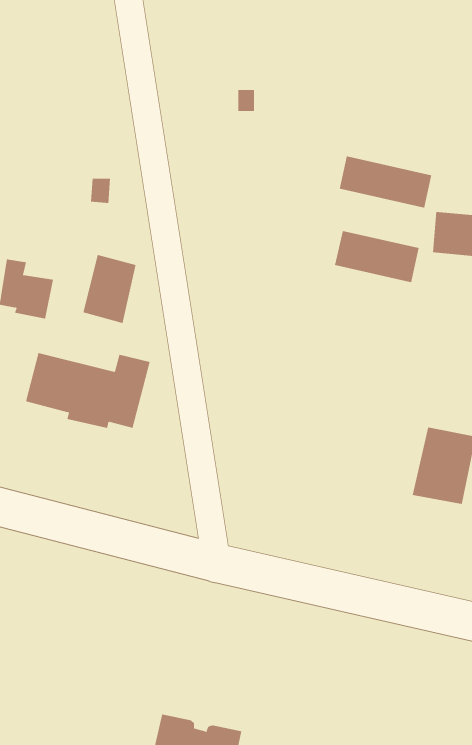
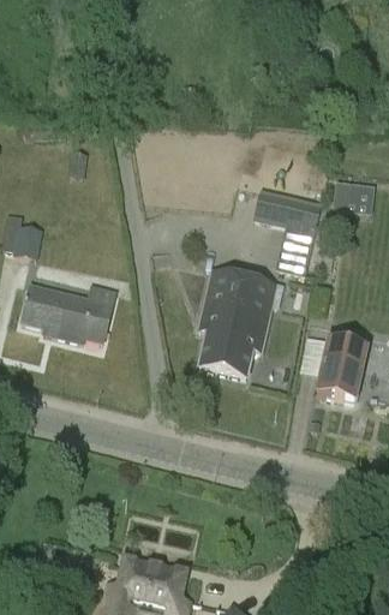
building: [339,156,432,208] -> none
building: [83,254,136,324] -> none
building: none -> [199,270,276,376]

